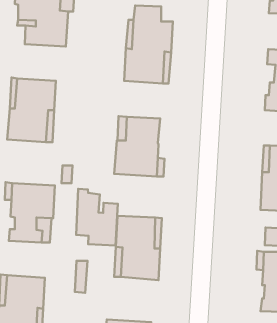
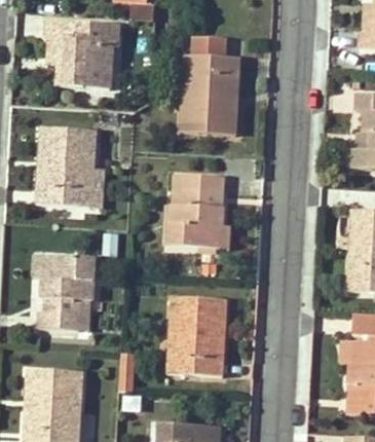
building: [76,189,118,246] -> none

